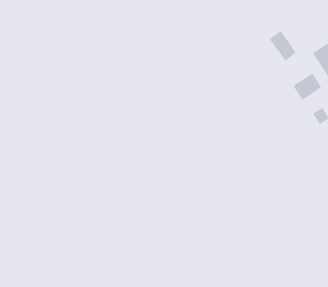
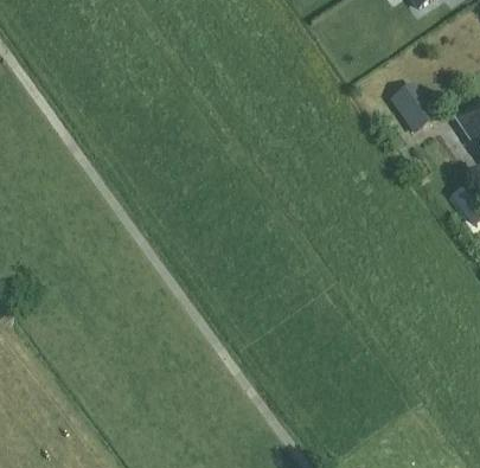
building: [292,73,322,101] -> none

